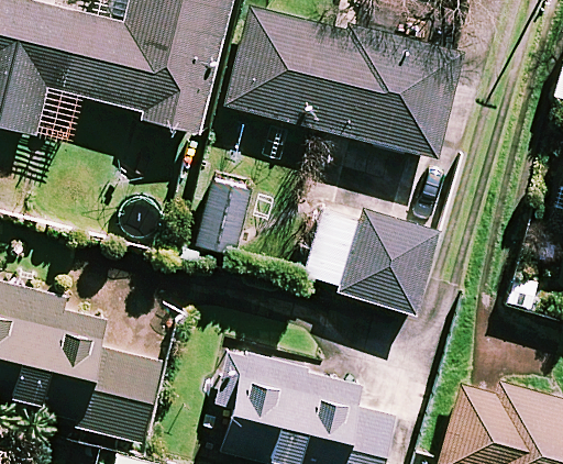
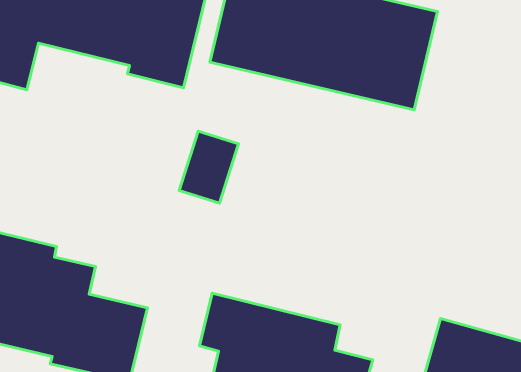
building: [303,206,443,316] -> none

